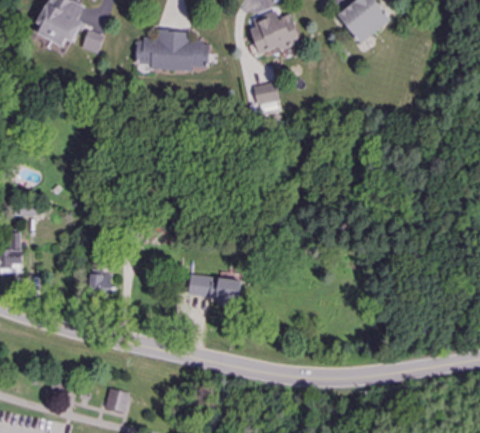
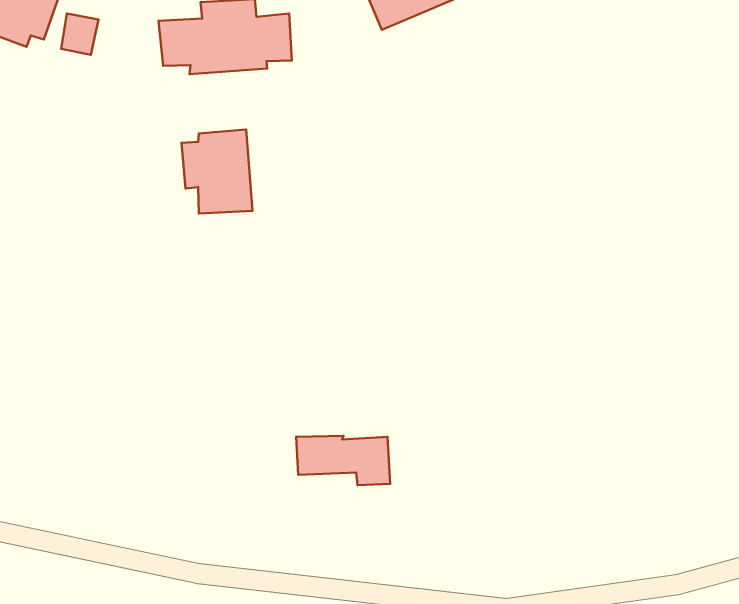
building: [253,81,279,104] -> none
building: none -> [182,129,252,214]
building: [88,267,113,297] -> none

